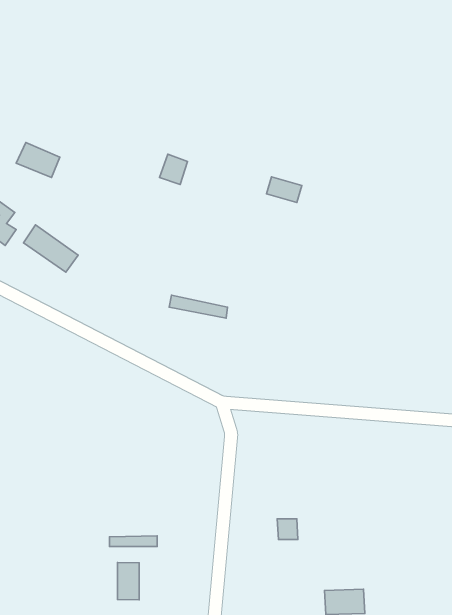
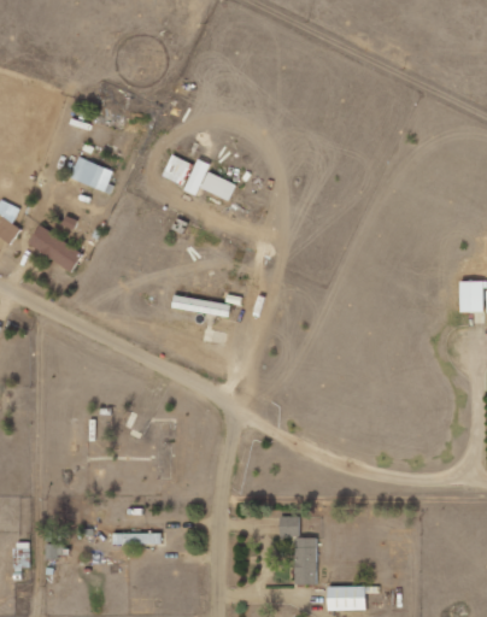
building: [16,142,60,178] -> [69,157,112,192]
building: [267,177,302,202] -> [200,174,235,199]
building: none -> [294,537,315,584]
building: [117,563,139,600] -> none

